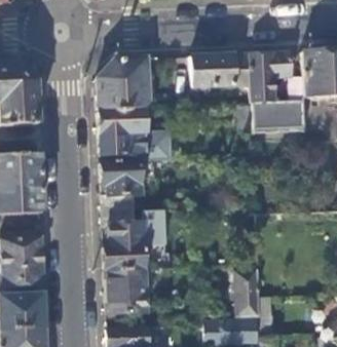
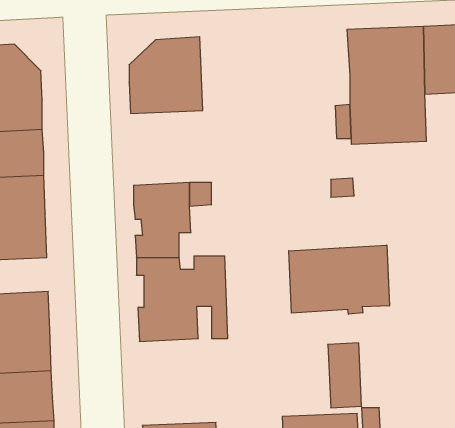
building: [193,52,252,86] -> none
building: [99,109,151,154] -> none
building: none -> [289,245,389,314]
building: [105,268,151,314] -> none

